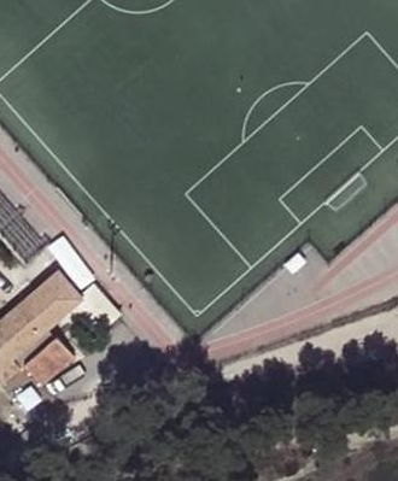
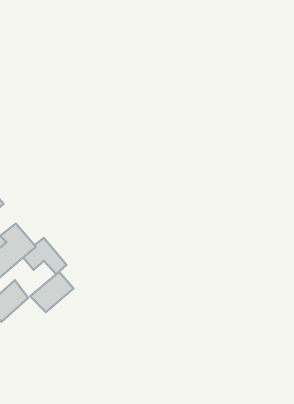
building: none -> [30,272,74,312]

